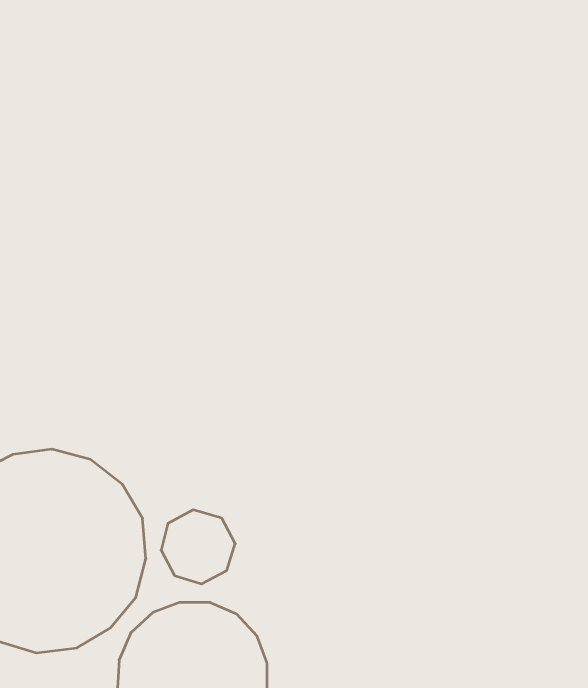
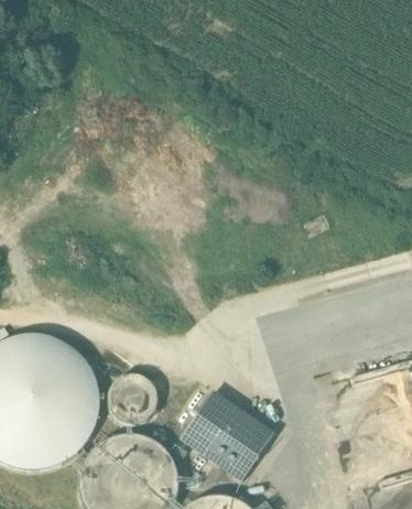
building: none -> [181,393,273,478]

